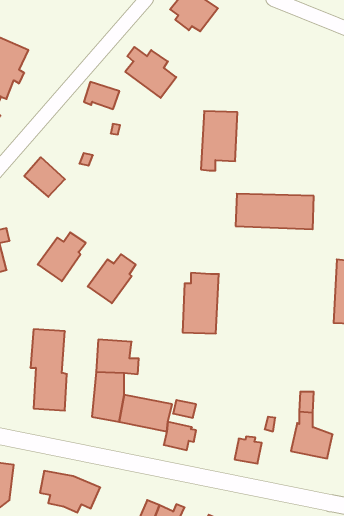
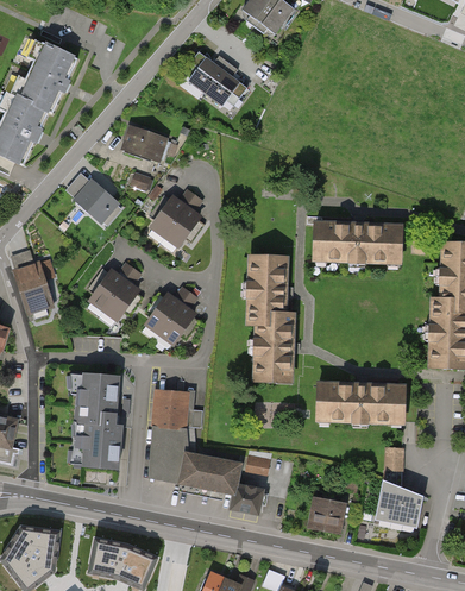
building: [84,82,119,109] -> [124,128,164,159]
building: [201,111,237,171] -> [245,256,287,323]
building: none -> [149,193,203,250]
building: none -> [316,383,406,423]

